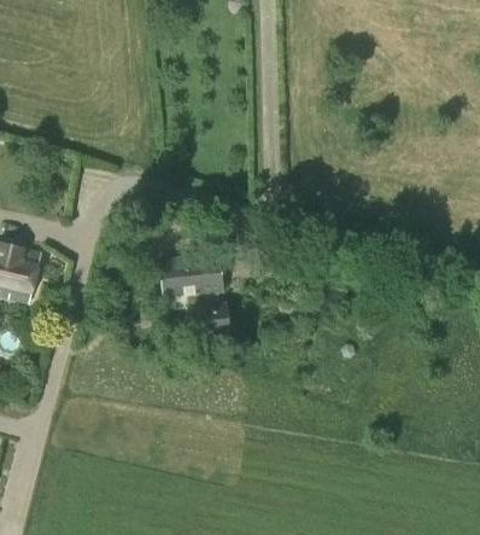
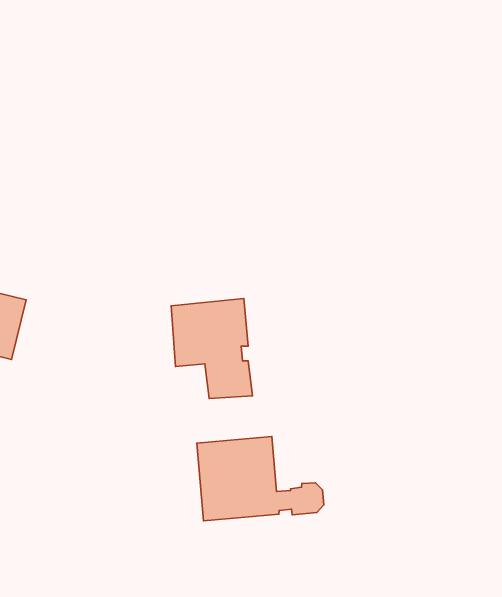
building: none -> [197,437,324,521]

